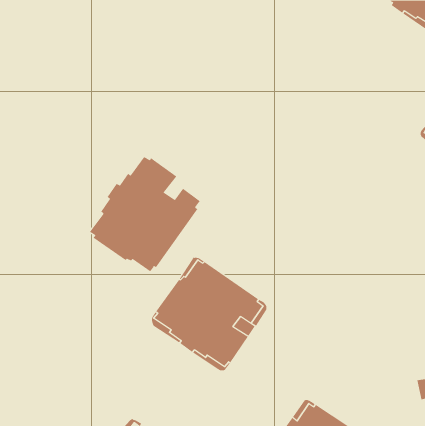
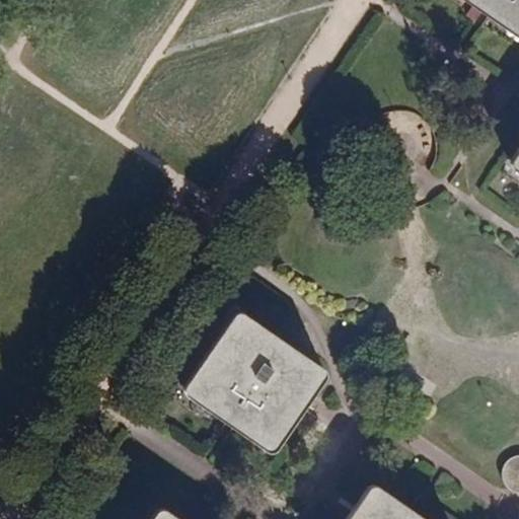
building: [89,156,200,272] -> none

